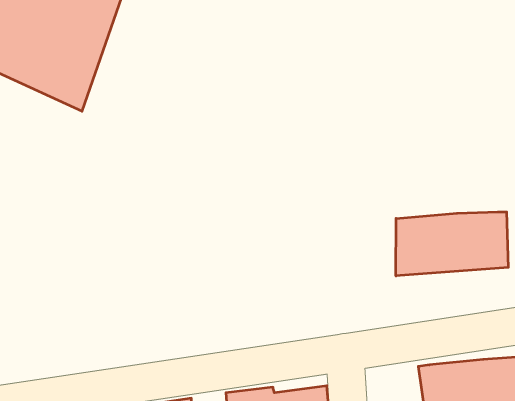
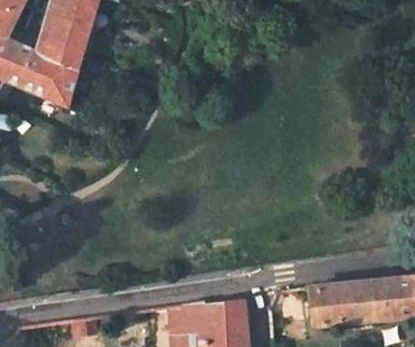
building: [396,212,508,276] -> none

